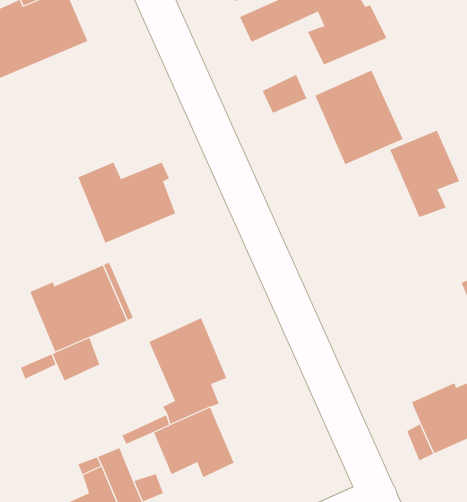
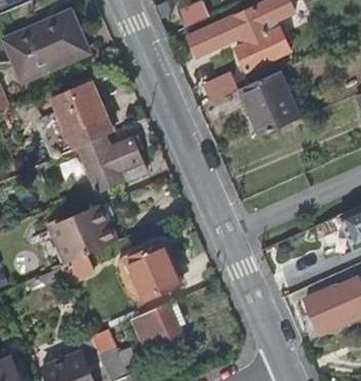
building: none -> [54,81,112,147]
building: [390,130,460,218] -> none

